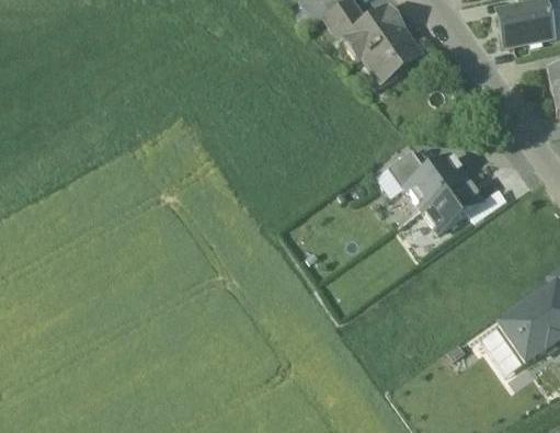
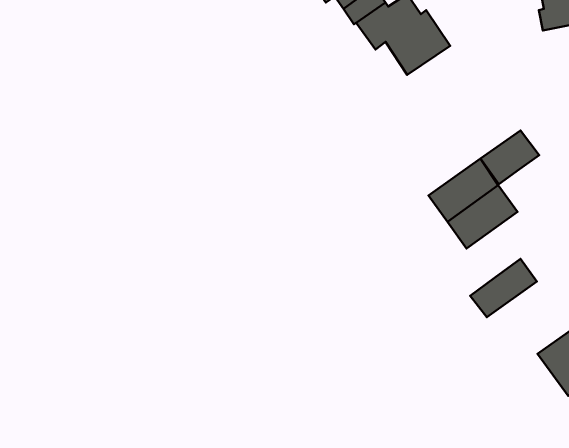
building: none -> [481,131,539,184]
building: [387,149,427,190] -> none
building: none -> [470,259,537,317]

